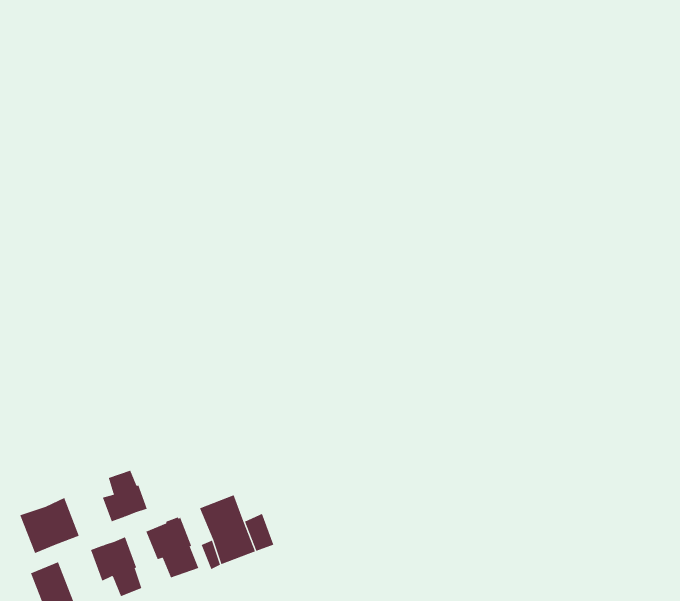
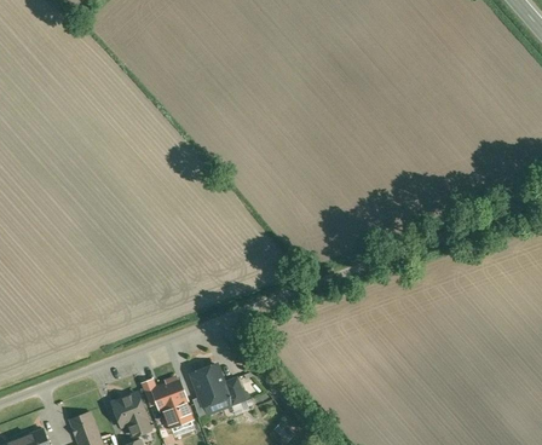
building: [102,470,148,522] -> none
building: [19,497,80,554] -> none

